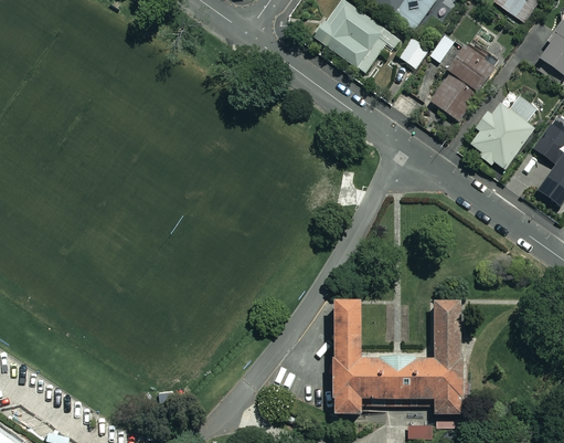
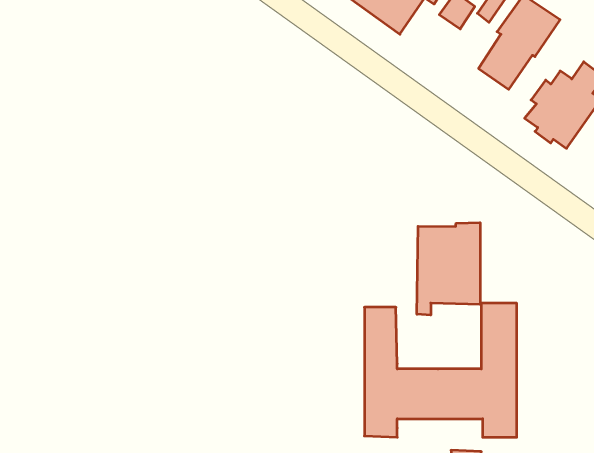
building: none -> [417,223,480,315]

